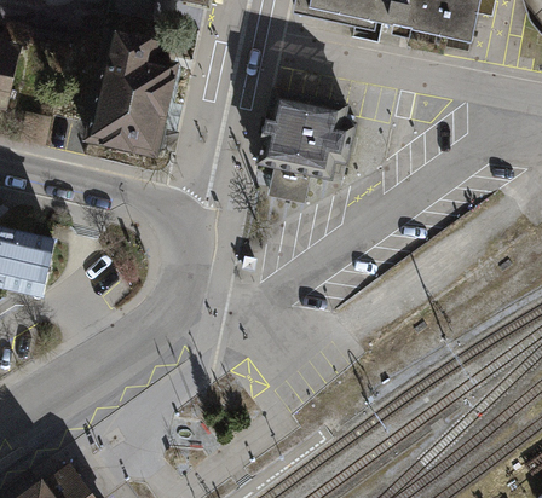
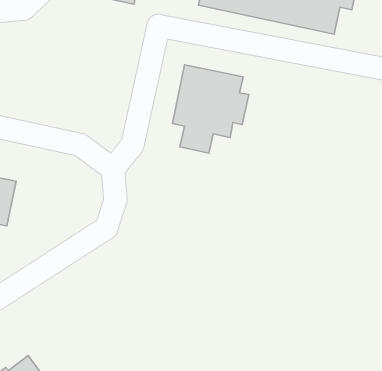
building: [82,35,179,161] -> none

